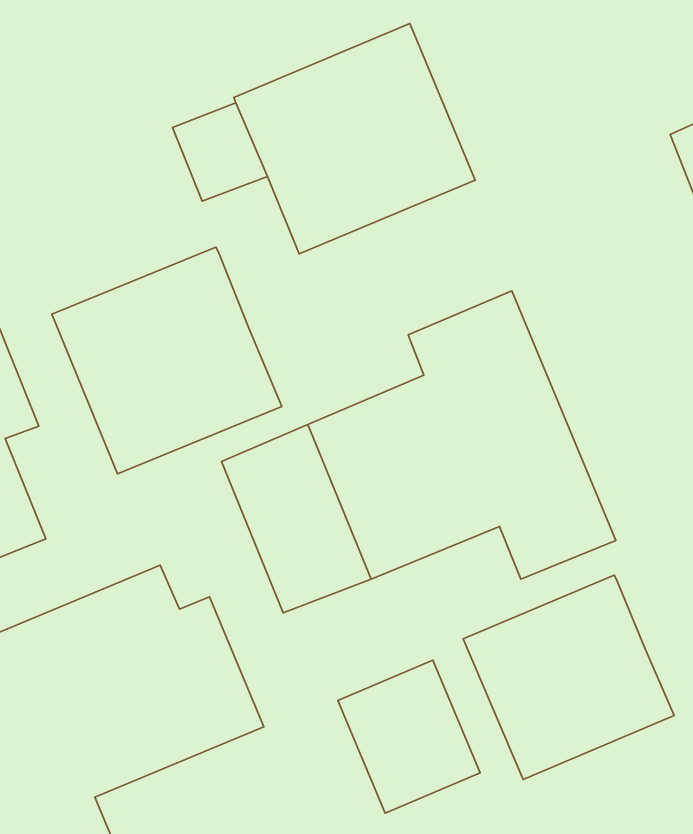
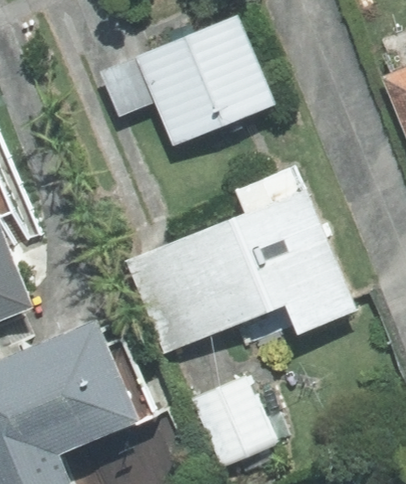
building: [52,247,282,474] -> none
building: [463,575,674,779] -> none

